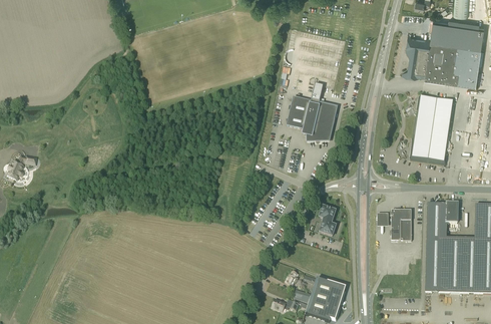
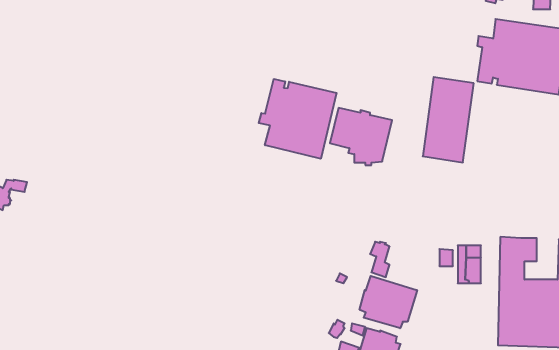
building: none -> [259,79,337,159]
building: [412,94,454,165] -> [423,77,474,162]
building: none -> [360,276,417,328]

